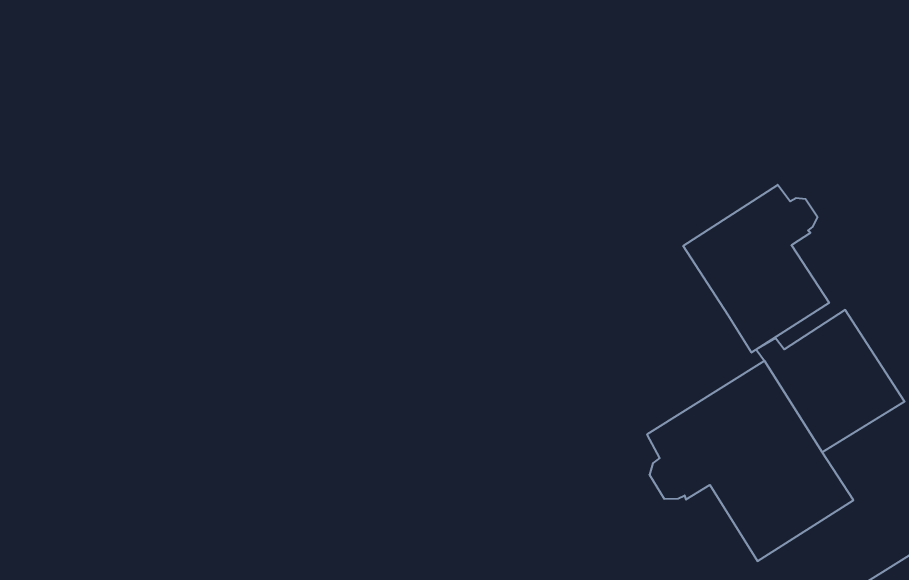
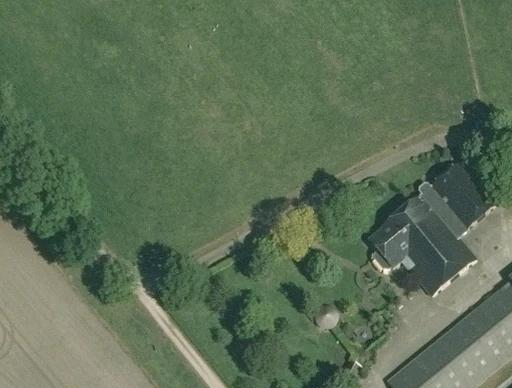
building: [683,185,829,353] -> none

